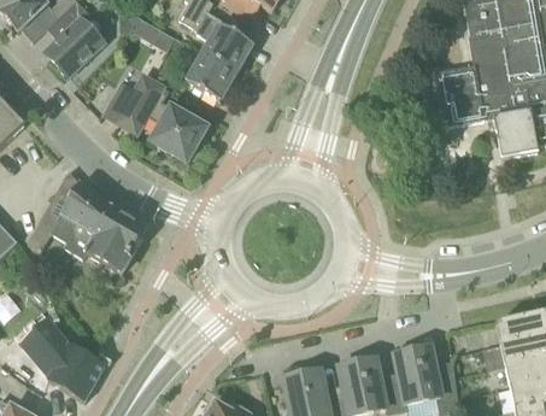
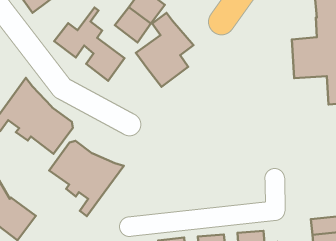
building: none -> [136,13,193,87]
building: none -> [49,141,124,216]

